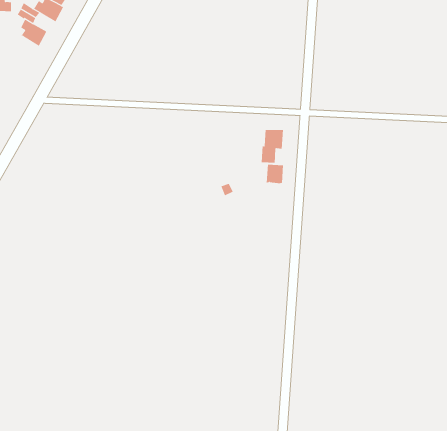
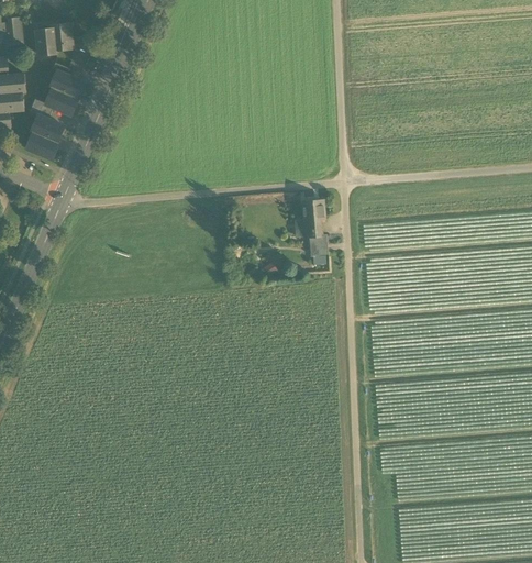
building: none -> [25,133,57,158]

